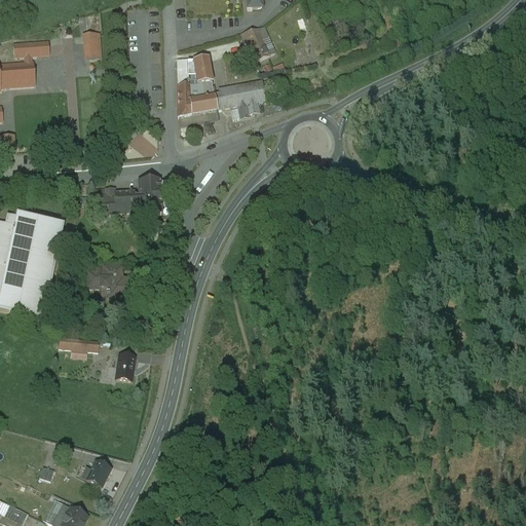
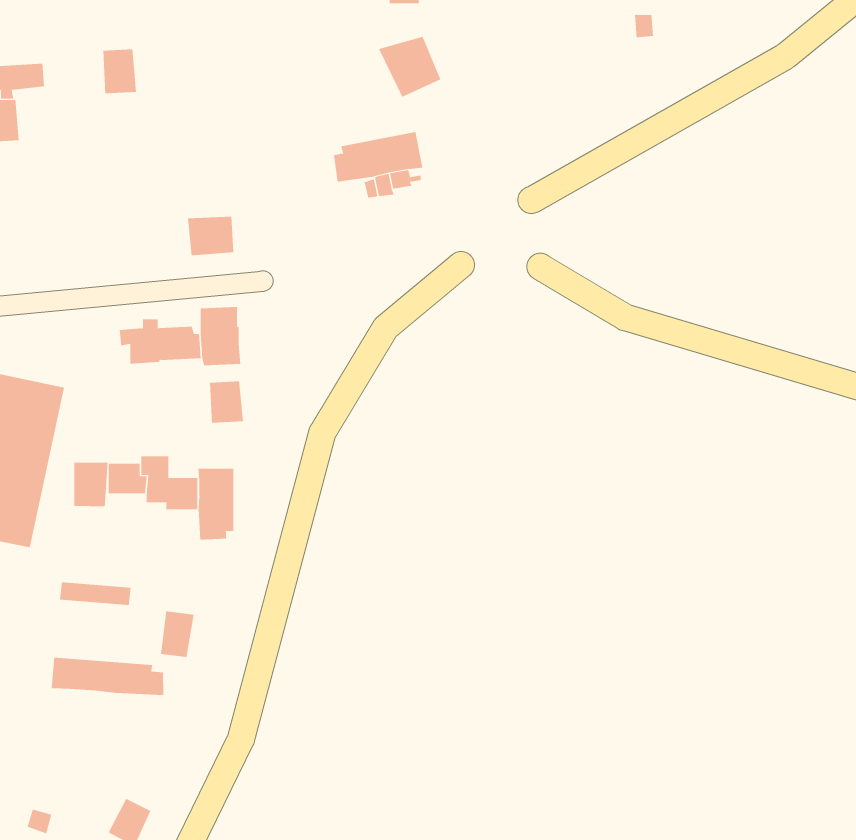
building: [176,57,216,115] -> none
building: none -> [210,380,244,423]
building: none -> [74,462,108,507]
building: none -> [198,468,234,540]
building: none -> [51,657,164,696]

